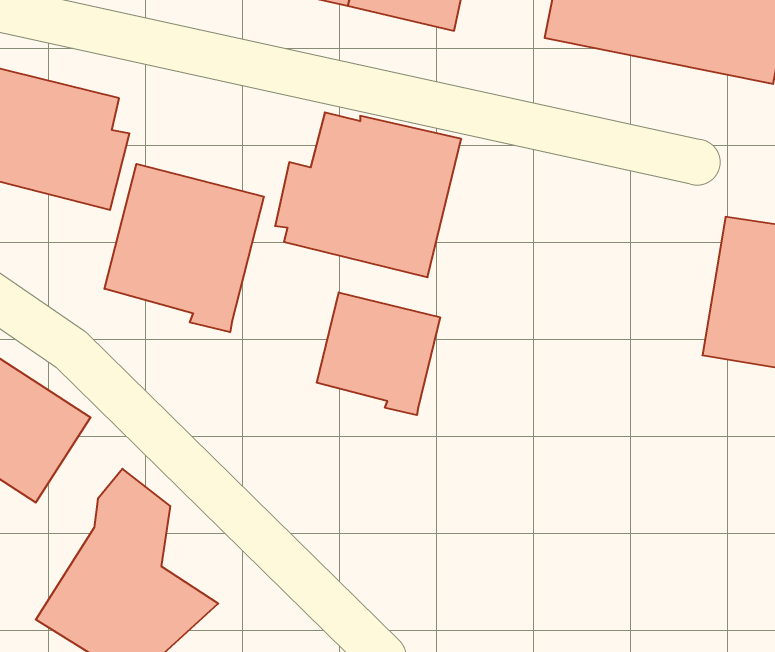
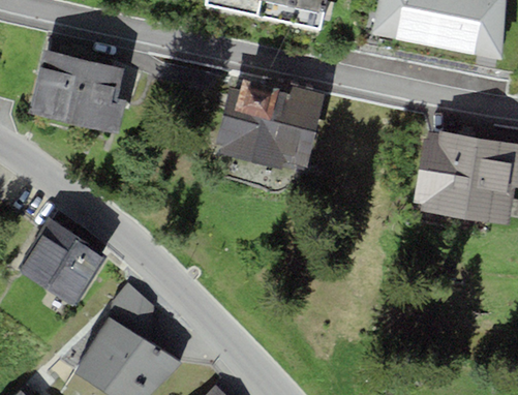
building: [104,164,264,332] -> none
building: none -> [412,129,477,218]
building: [317,292,440,415] -> none

